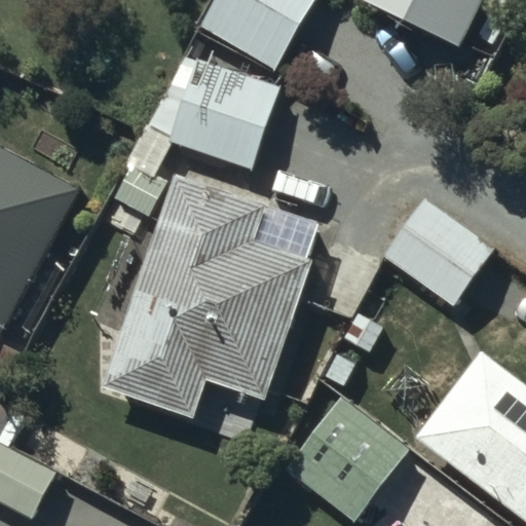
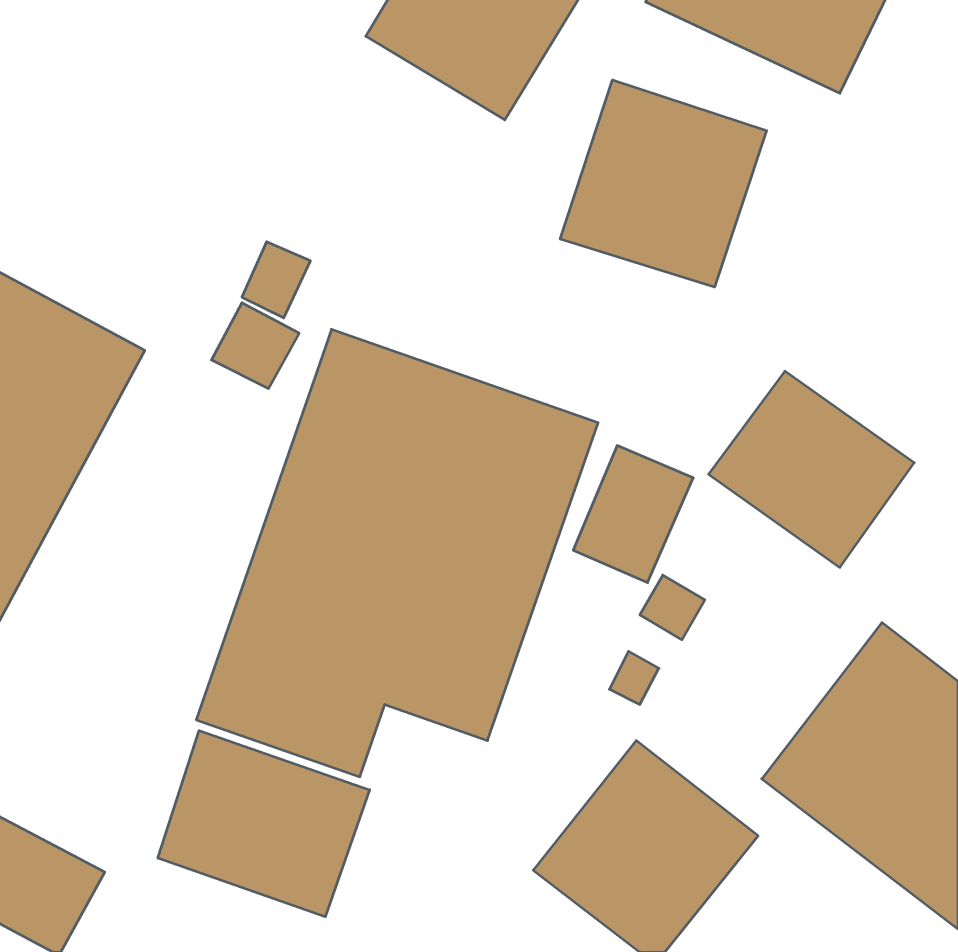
building: none -> [560,80,767,287]
building: [170,60,278,167] -> none
building: none -> [158,731,370,917]

